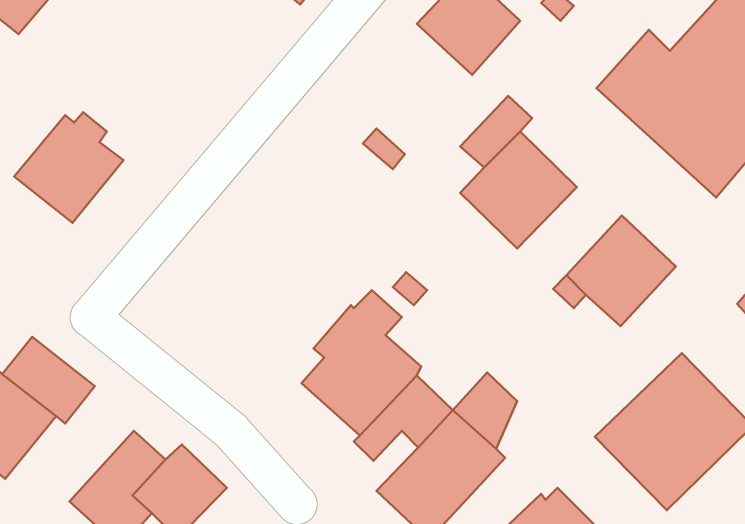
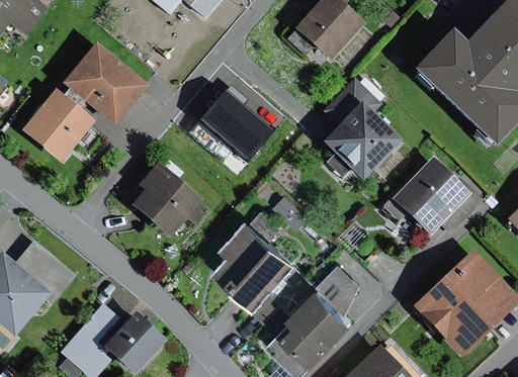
building: none -> [63,43,148,125]
building: none -> [192,95,256,159]
building: none -> [132,162,202,238]

